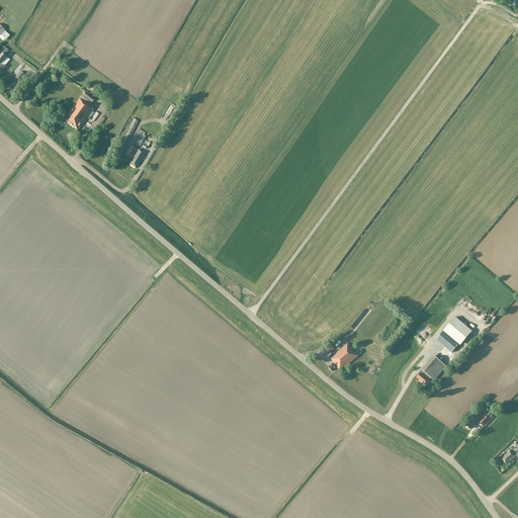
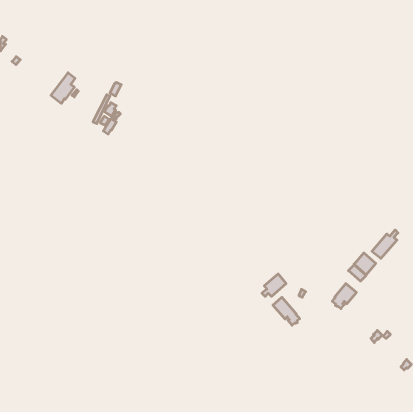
building: none -> [372,230,398,258]
building: none -> [273,297,300,325]

